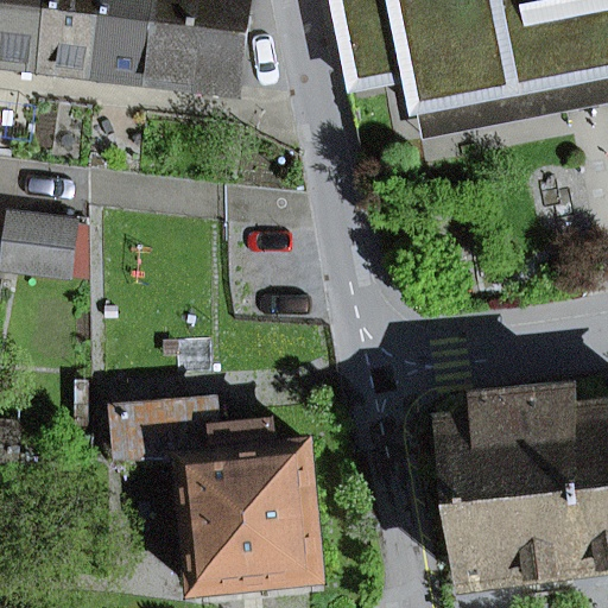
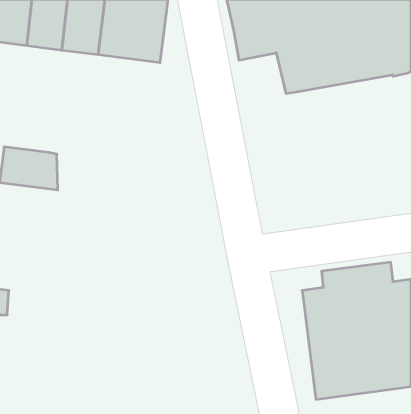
building: [115,401,317,590] -> none

